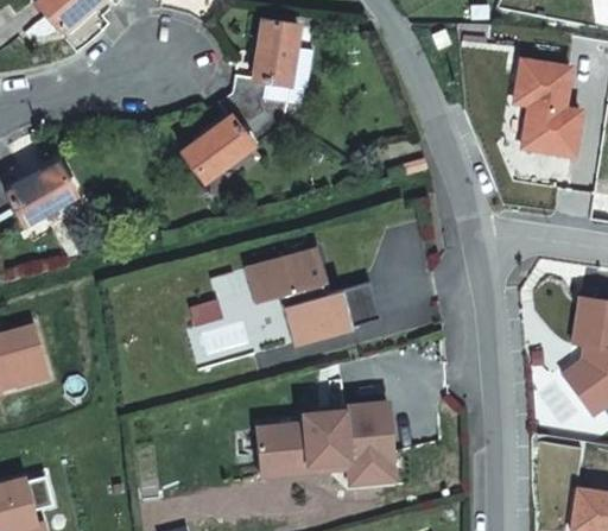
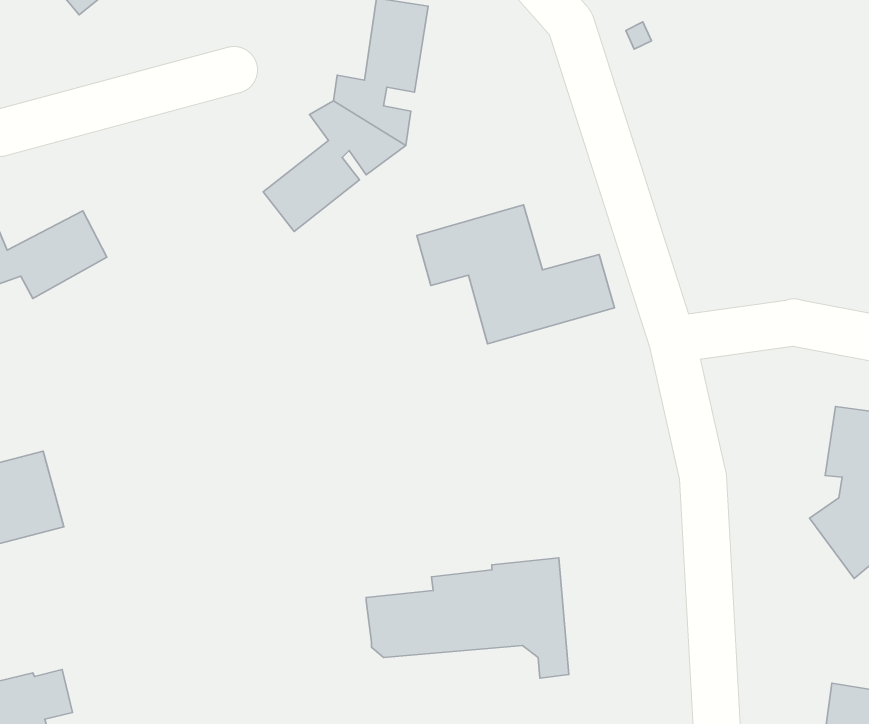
building: [513,61,578,156] -> none
building: [243,247,380,343] -> [417,205,615,344]
building: [259,461,375,486] -> none

